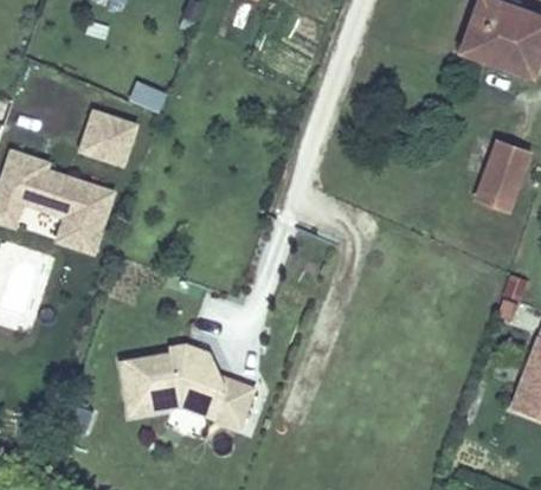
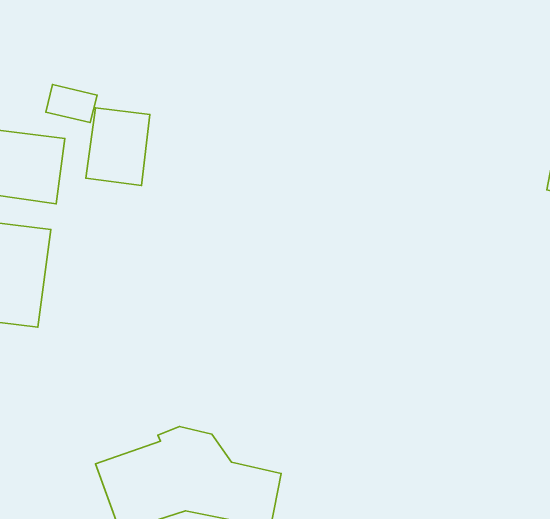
building: none -> [86,108,150,185]

